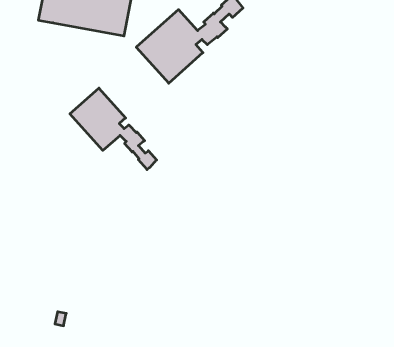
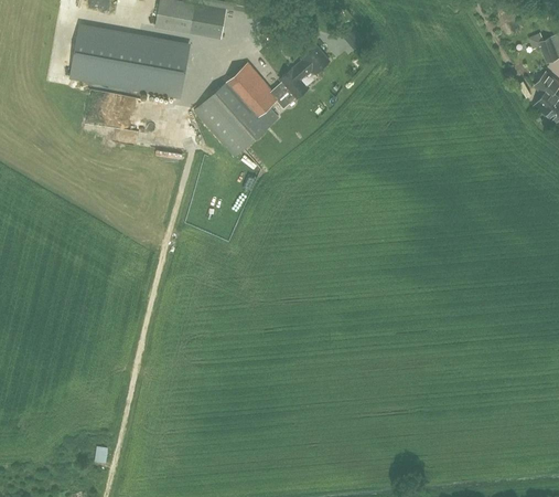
building: [70,88,157,170] -> none

